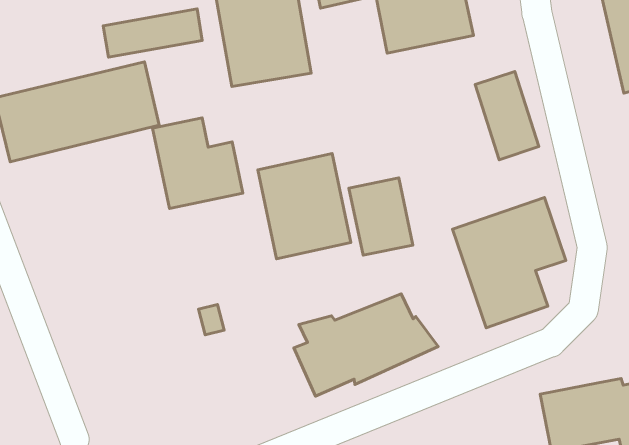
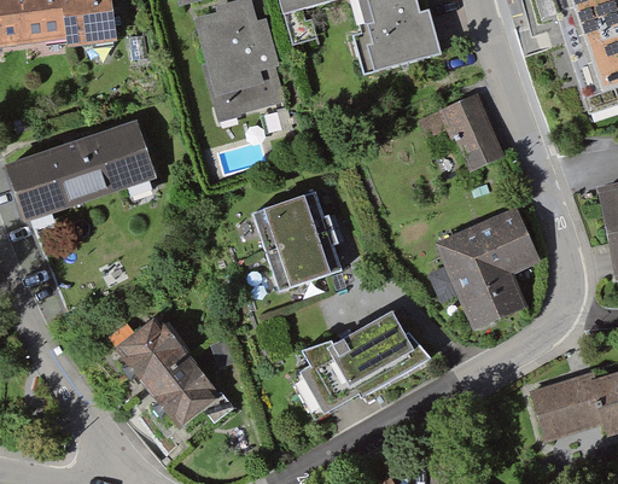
building: [103,9,202,57] -> none
building: [153,118,243,208] -> none
building: [349,178,413,255] -> none
building: none -> [110,307,225,428]

